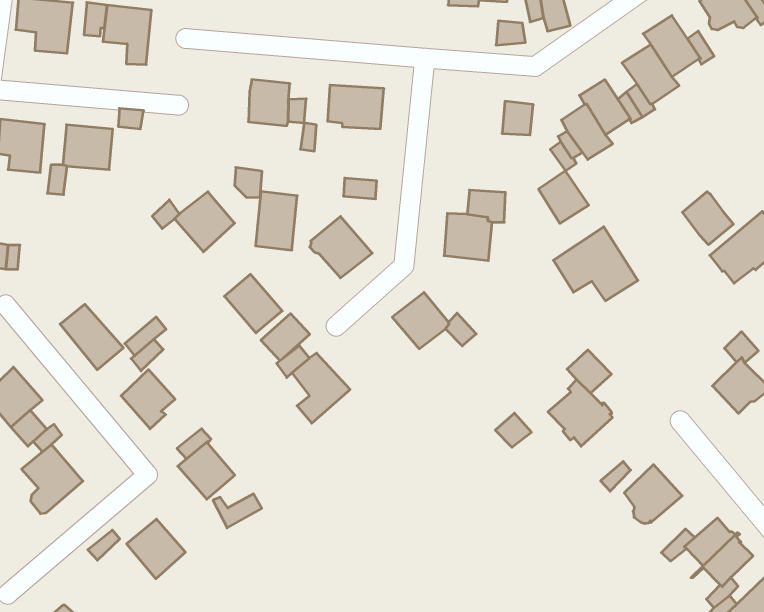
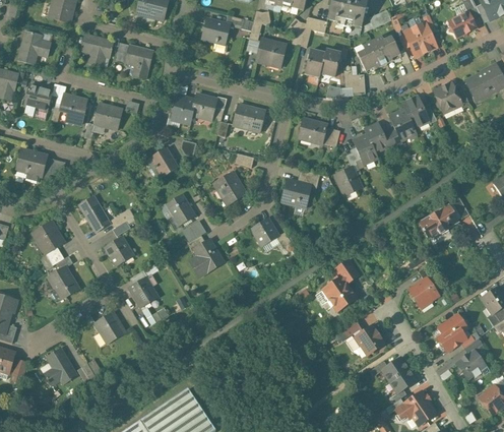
building: none -> [298,118,326,142]
building: [256,191,297,250] -> [170,96,195,128]
building: [682,192,733,245] -> none
building: [553,227,638,301] -> none

